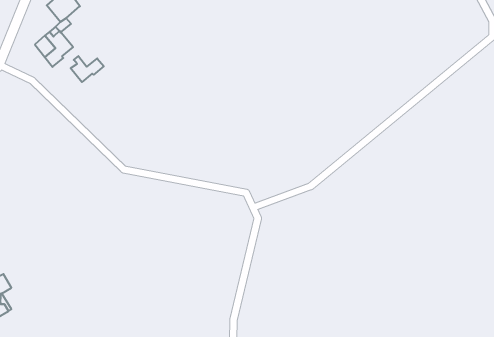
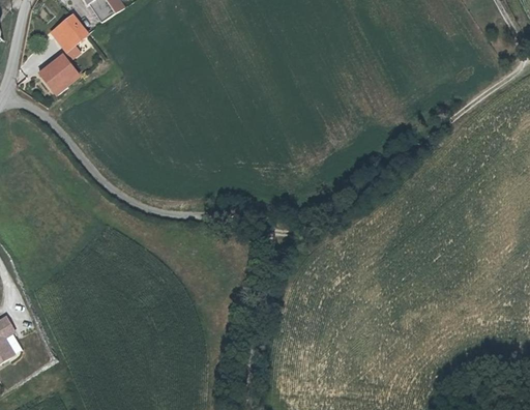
building: [71,56,104,82] -> none

